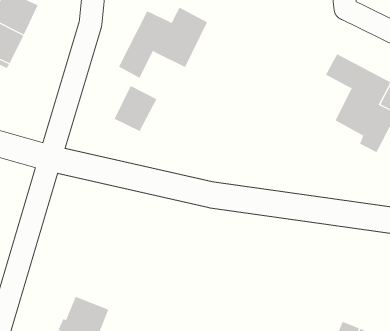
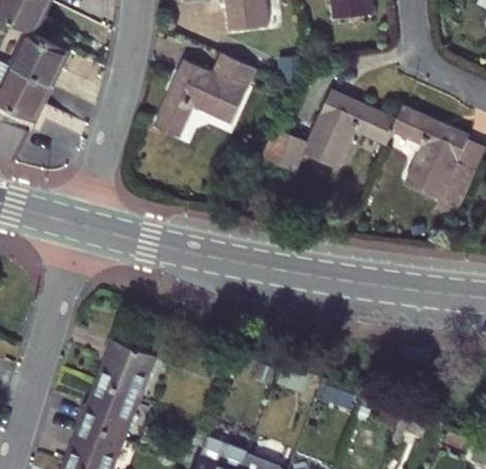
building: none -> [262,88,395,167]
building: [114,85,157,132] -> none
building: none -> [104,340,160,398]

